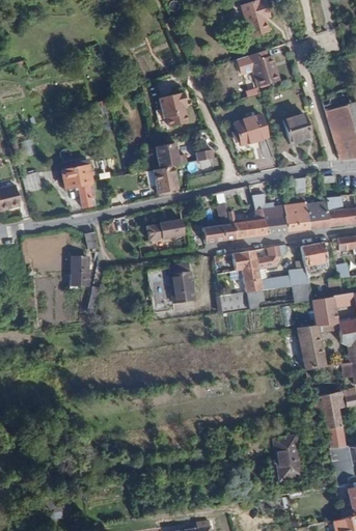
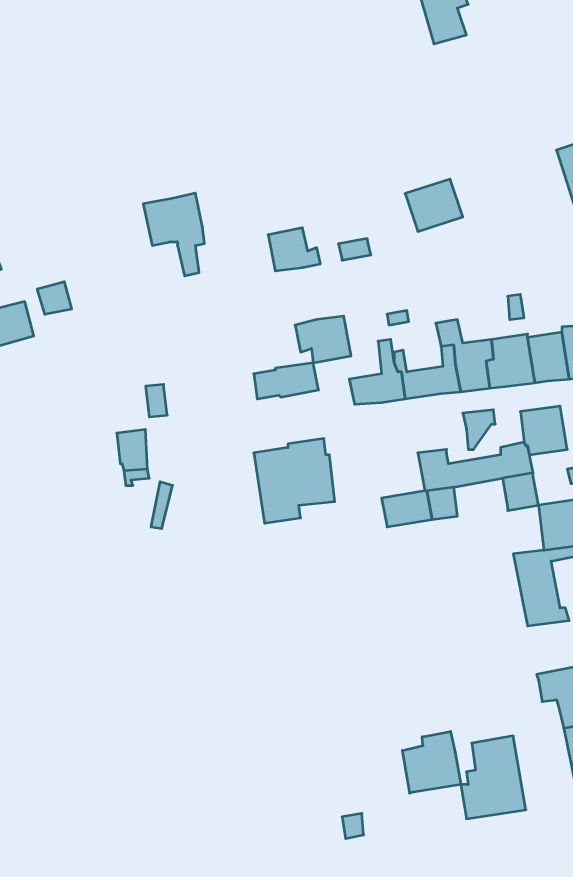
building: [251,54,280,85] -> none
building: [157,90,188,125] -> none
building: [283,112,312,142] -> none
building: [60,159,95,206] -> [143,193,204,276]
building: [147,164,180,191] -> [295,316,351,363]
building: [229,250,271,273] -> none
building: none -> [402,731,461,793]

